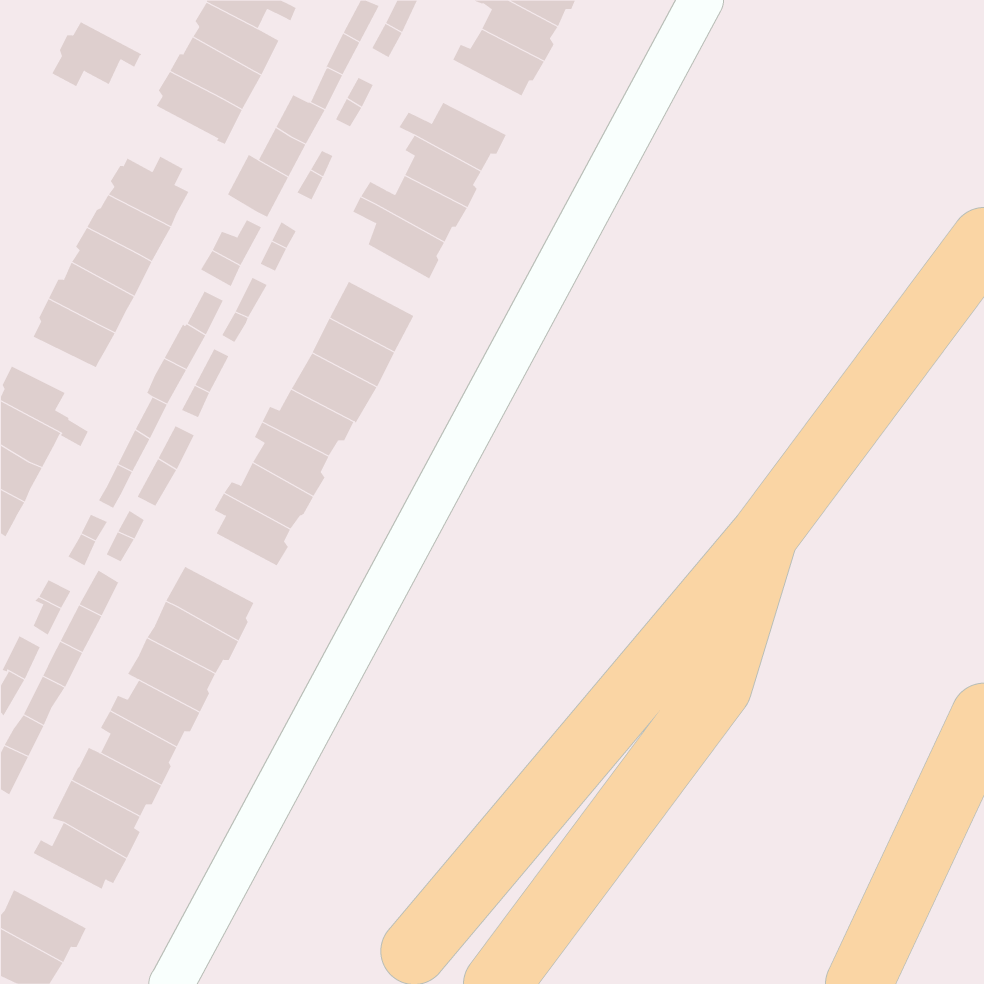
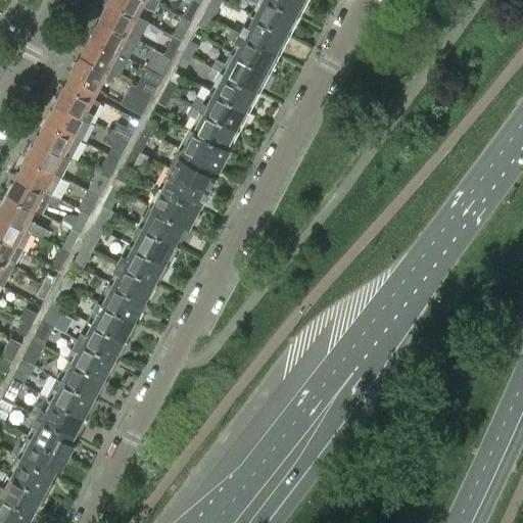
building: [52,21,142,87] -> [67,56,115,91]
building: none -> [227,28,277,72]
building: none -> [185,130,230,168]
building: none -> [6,179,60,212]
building: none -> [98,283,147,320]
building: none -> [13,453,54,492]

